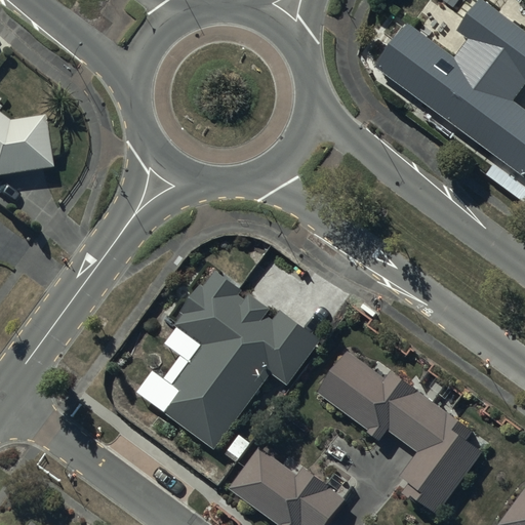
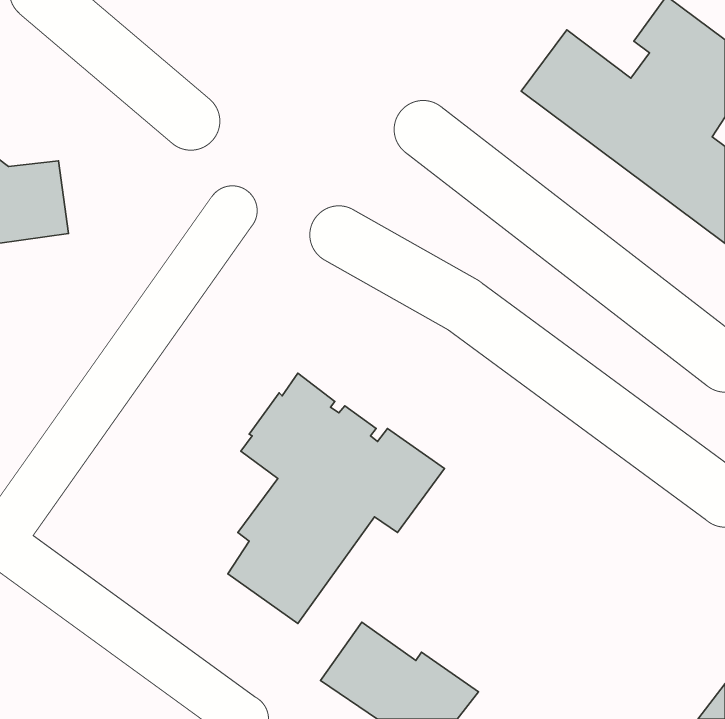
building: [315,352,482,514] -> none

